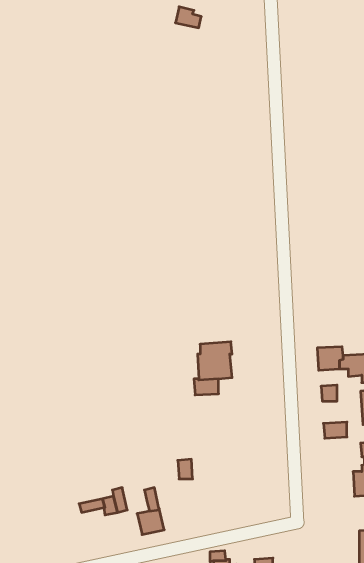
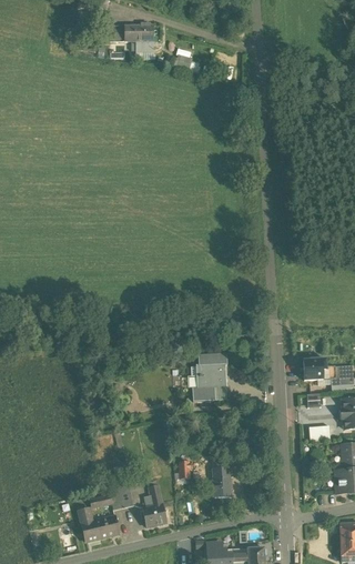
building: none -> [212,469,230,498]
building: none -> [78,507,119,542]

